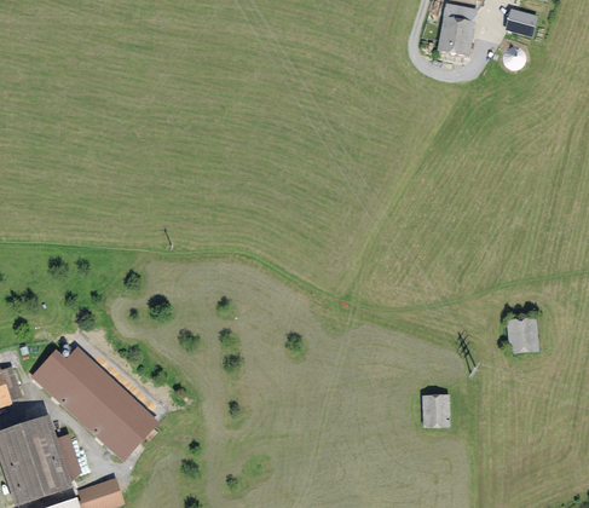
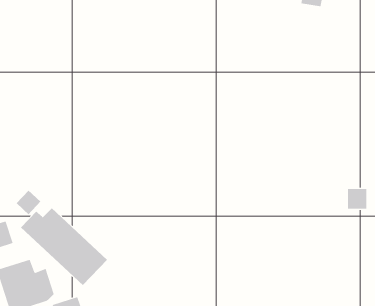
building: none -> [16,190,41,215]
building: [420,396,454,427] -> none

